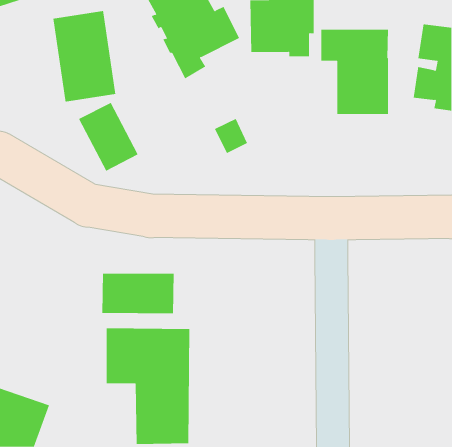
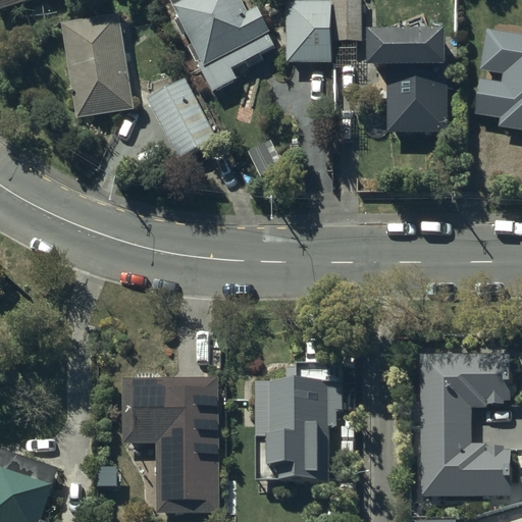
building: [78,102,139,171] -> [147,77,216,157]
building: [102,273,174,314] -> none
building: none -> [419,353,510,495]
building: none -> [254,356,342,479]

